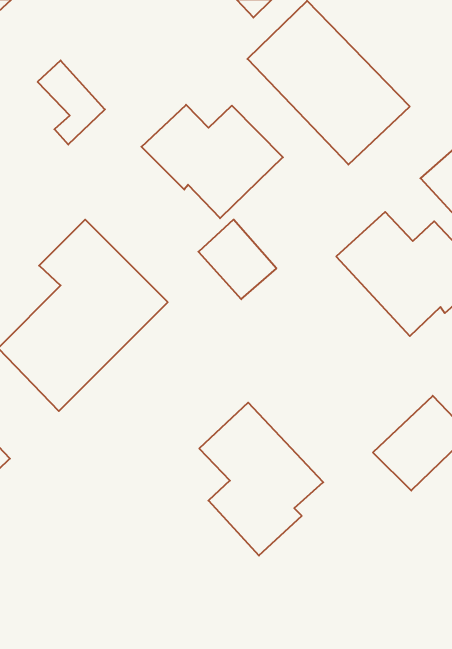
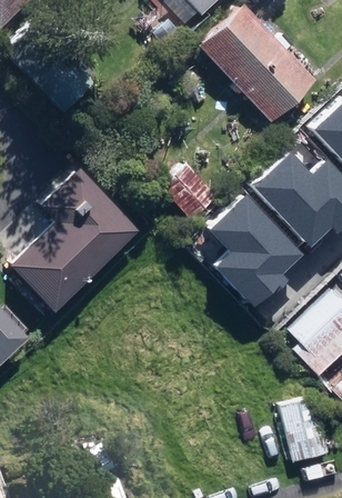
building: [141,105,283,218] -> none
building: [199,403,323,556] -> [213,197,303,308]
building: none -> [276,396,326,460]

